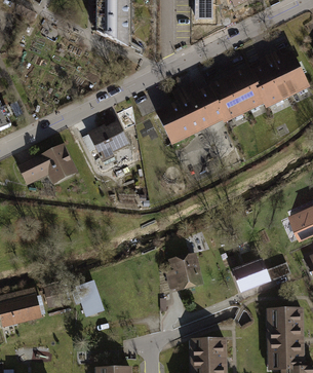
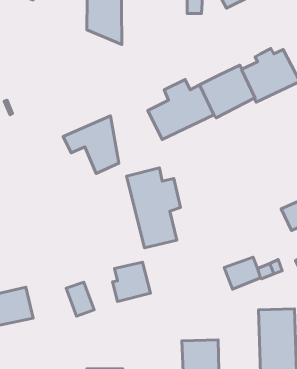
building: [17,143,78,185] -> none
building: none -> [127,168,181,248]
building: [166,252,204,291] -> [112,262,151,301]

